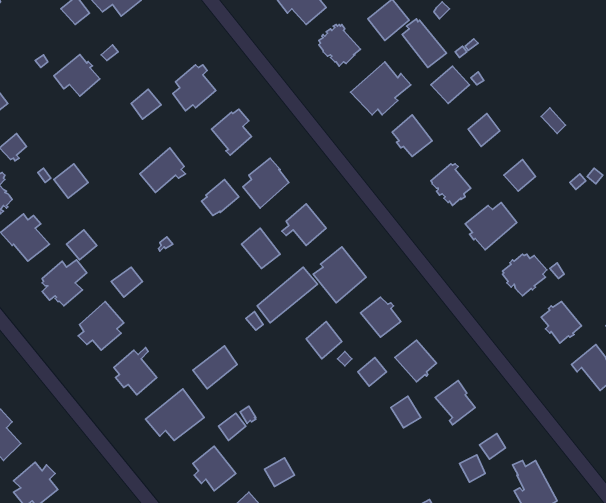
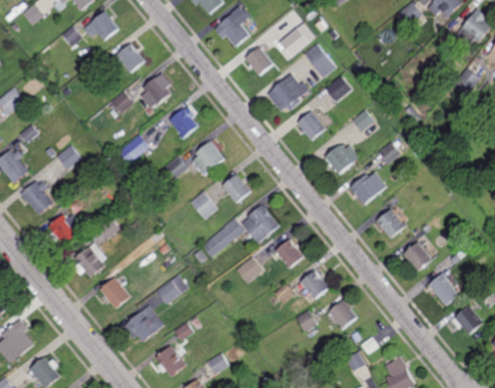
building: [54,54,100,96] -> [112,42,145,71]

